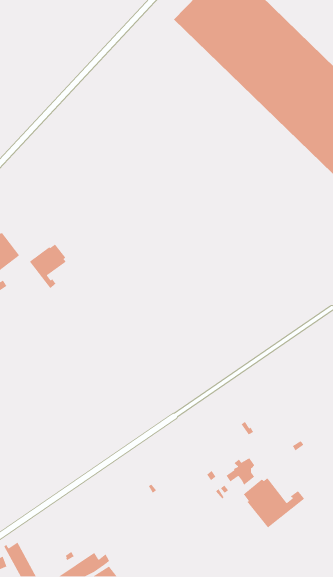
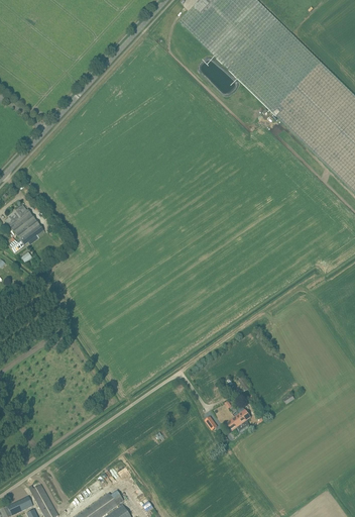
building: [29,244,67,289] -> none
building: [243,477,305,529] -> none

